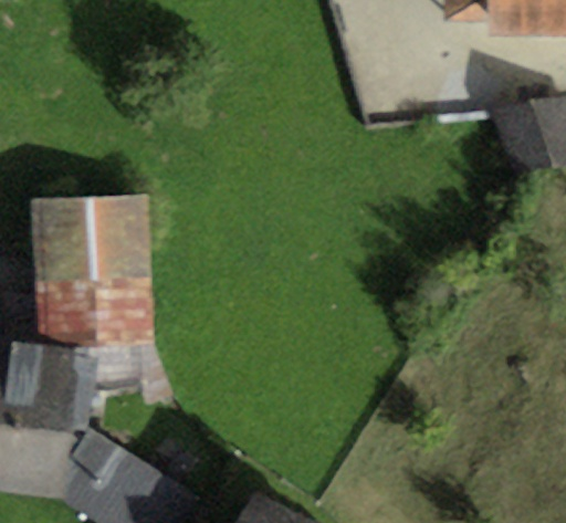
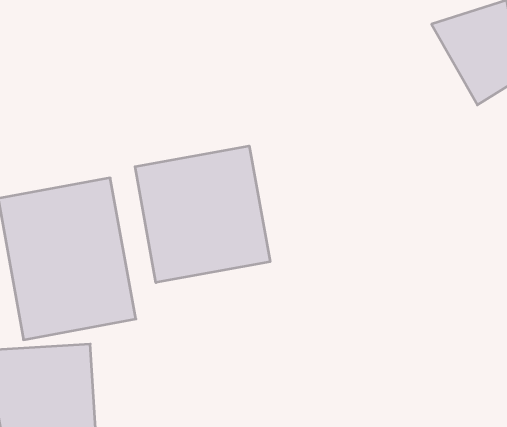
building: none -> [135,146,270,283]

